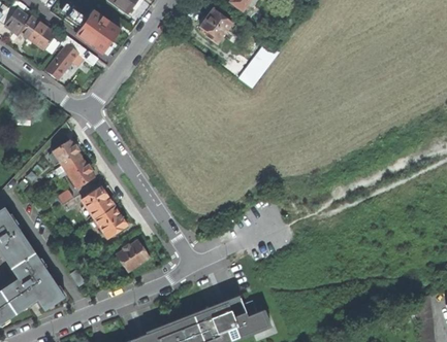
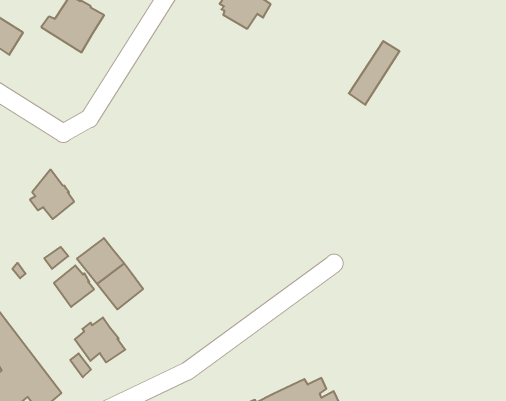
building: [238,41,278,87] -> [349,41,400,105]
building: [44,44,98,80] -> none
building: [65,159,94,189] -> [54,265,94,307]
building: [116,241,152,274] -> [75,317,125,362]

